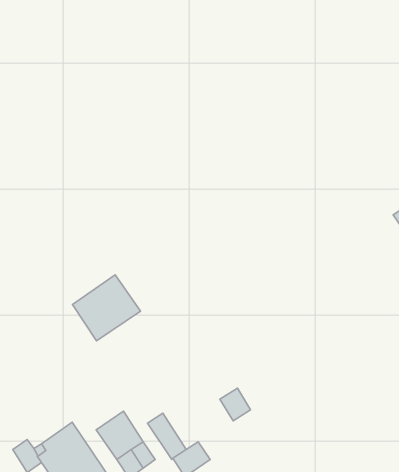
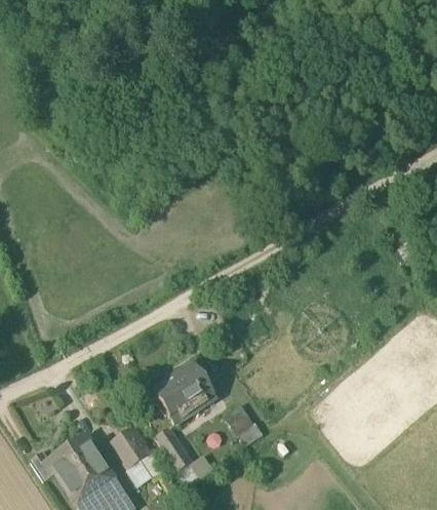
building: [72,275,140,341] -> [154,362,217,424]

